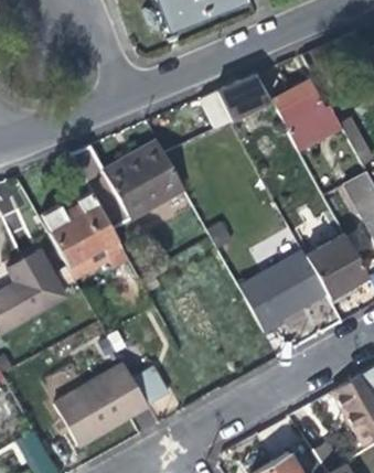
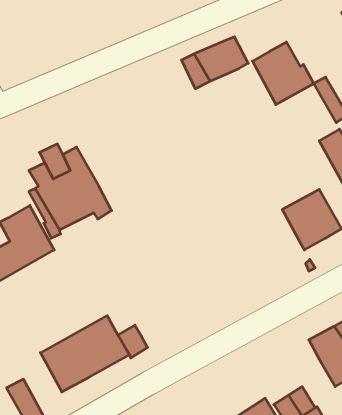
building: [72,142,184,230] -> none
building: [237,248,325,334] -> none

